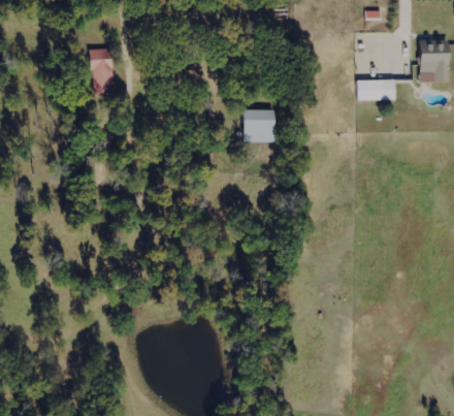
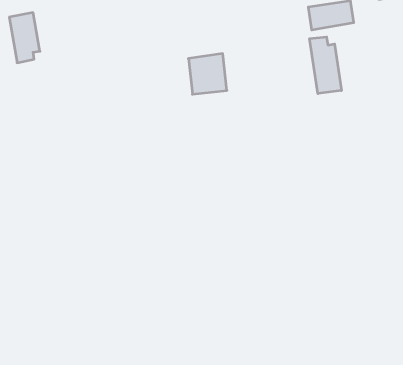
building: none -> [310,37,341,94]

